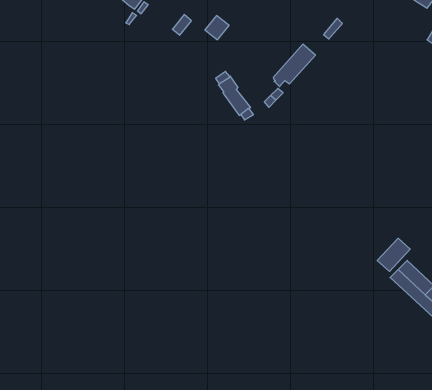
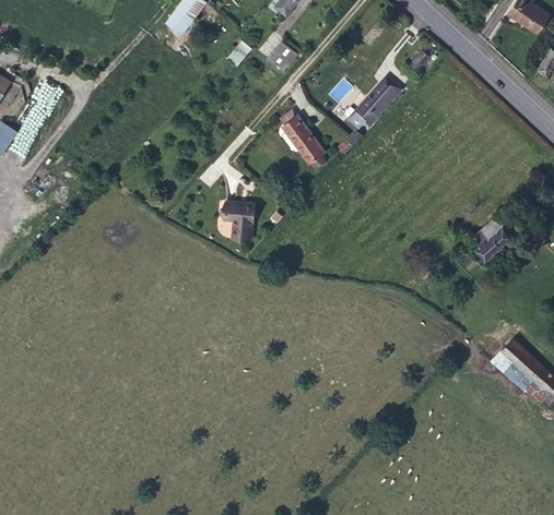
building: none -> [224,201,255,237]
building: none -> [473,217,515,261]
building: [377,238,410,271] -> none

